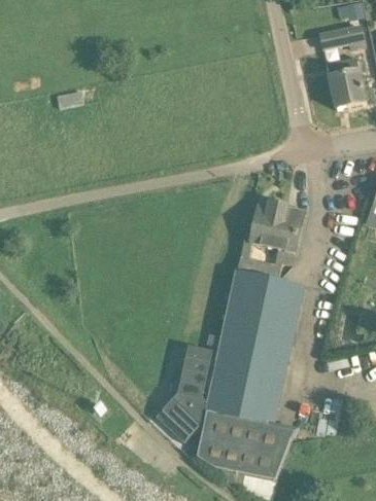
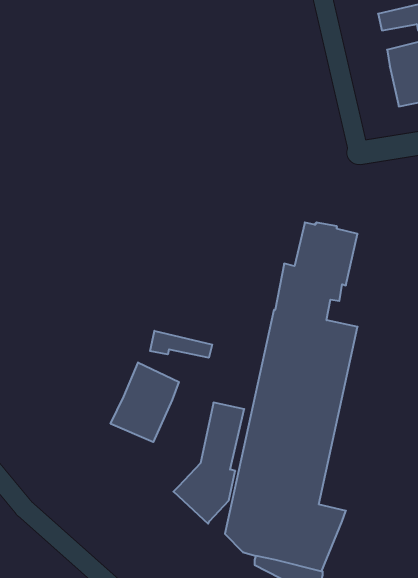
building: none -> [150,331,212,358]
building: none -> [111,362,179,442]

